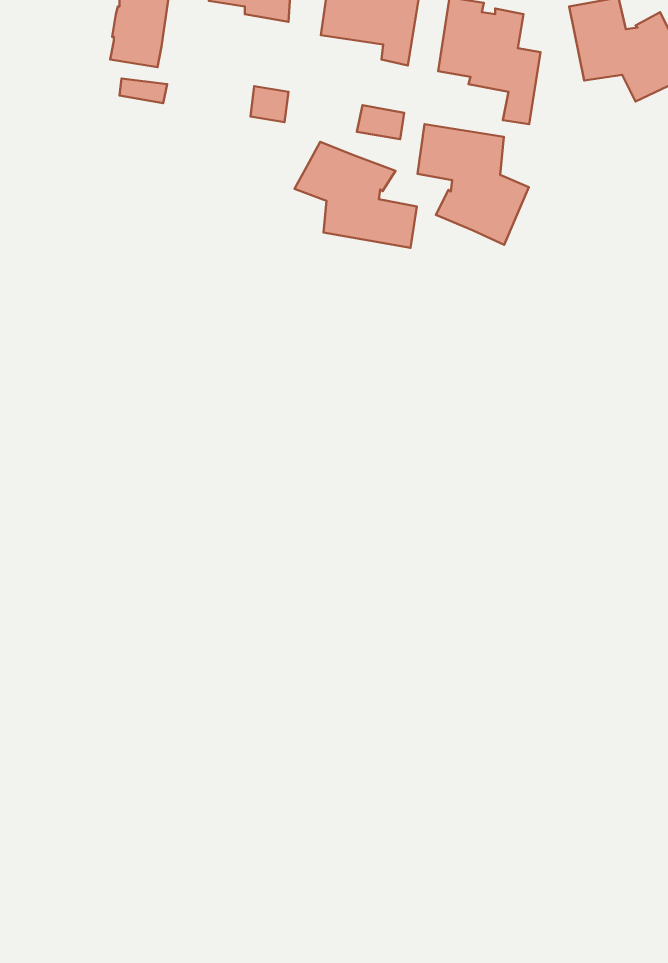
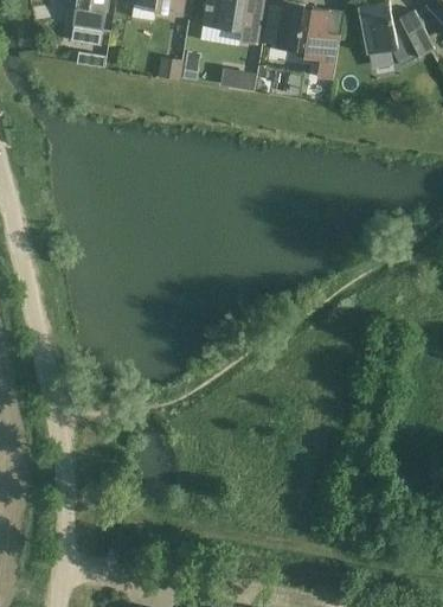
building: [417,124,529,245] -> none
building: [295,142,417,248] -> none

